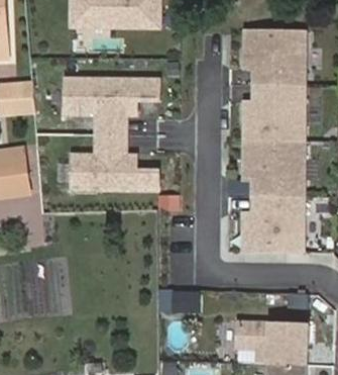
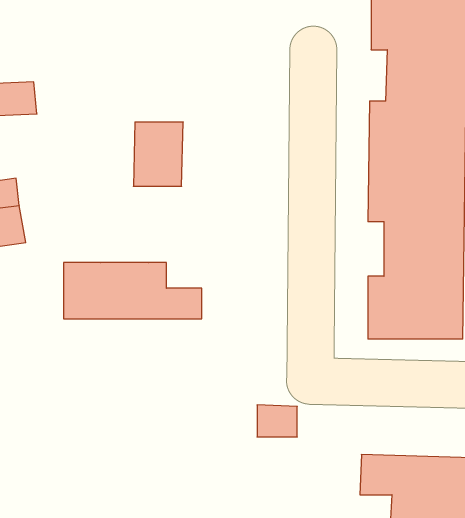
building: [67,77,159,112] -> none
building: [73,153,159,188] -> [64,263,202,319]

